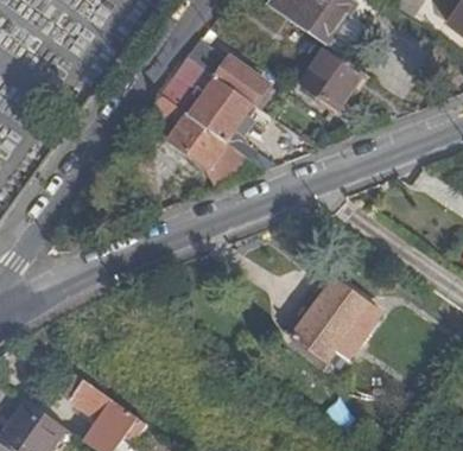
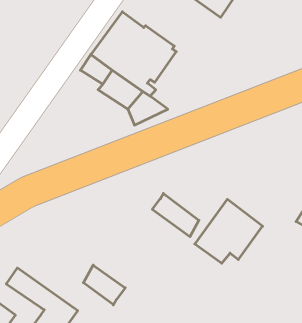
building: [302,46,362,107] -> none
building: none -> [152,193,199,237]
building: none -> [83,265,125,305]

